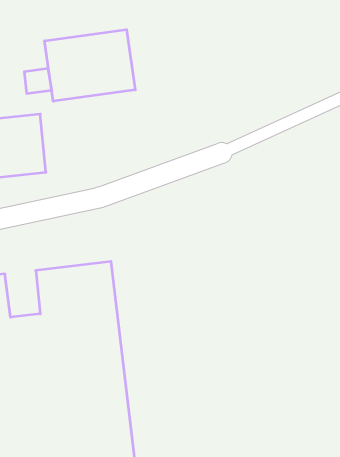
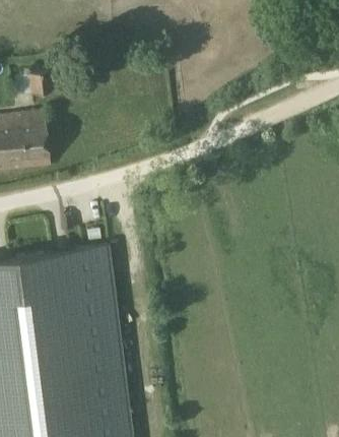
building: [45,30,135,101] -> none
building: none -> [13,250,45,292]

